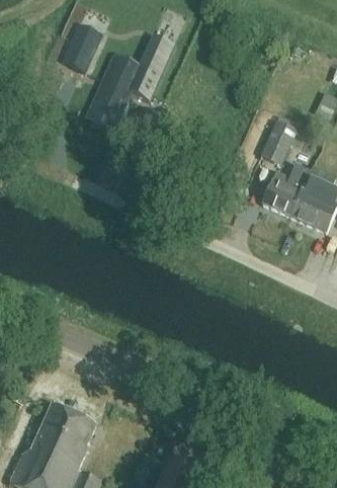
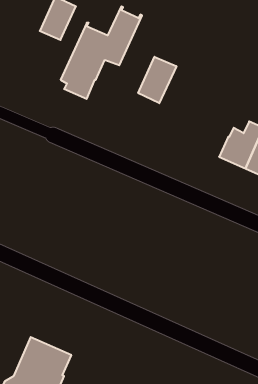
building: none -> [138,57,176,103]
building: [262,119,299,163] -> none

